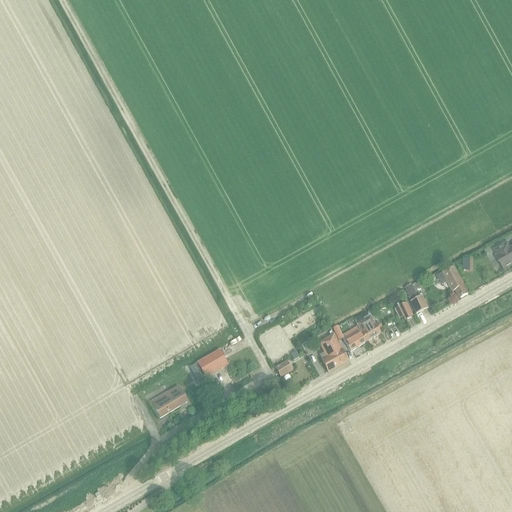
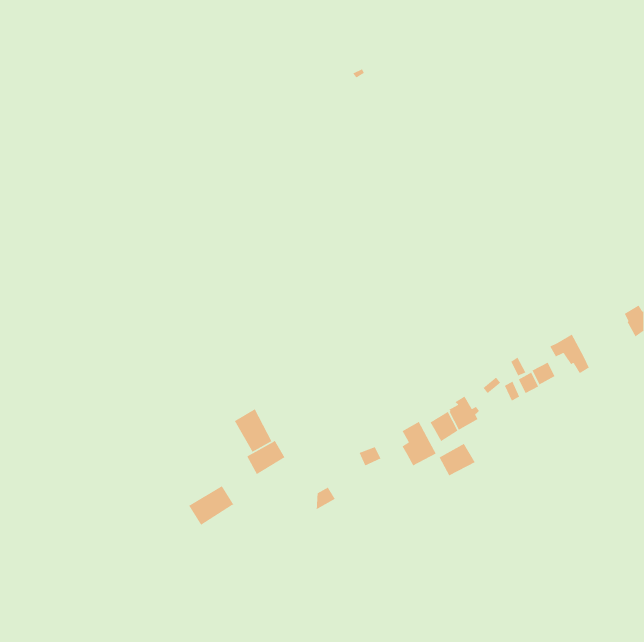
building: none -> [234,408,272,453]
building: none -> [438,443,476,476]

